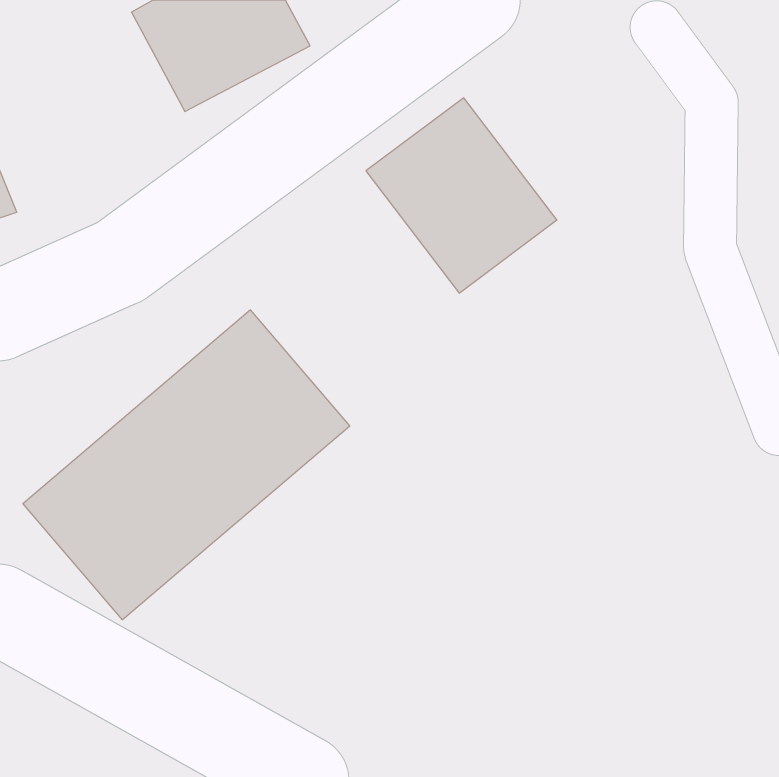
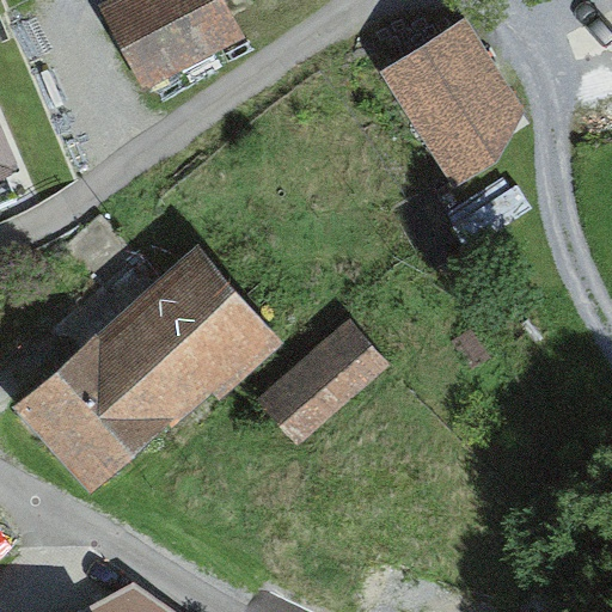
building: [366,98,557,293] -> [374,23,524,176]
building: none -> [264,312,396,437]

